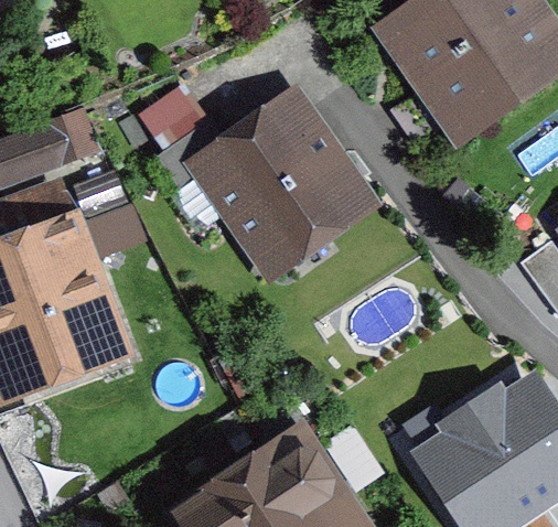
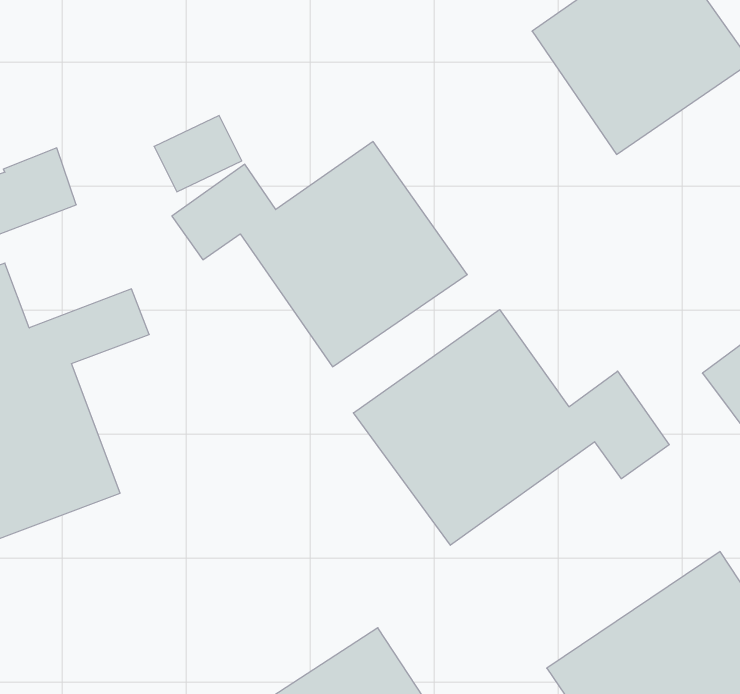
building: none -> [353,310,669,545]

